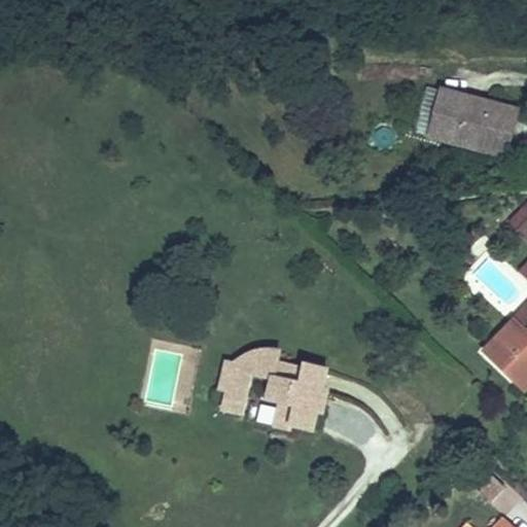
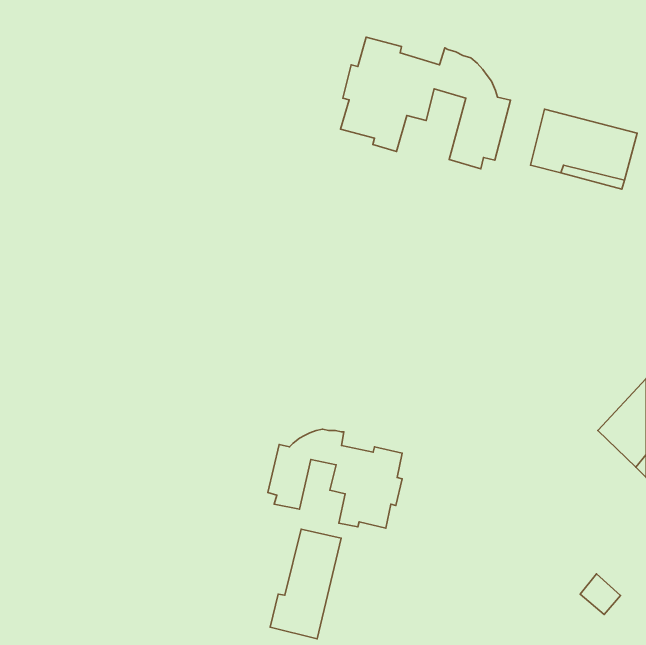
building: none -> [341,37,511,169]
building: none -> [270,529,341,639]

